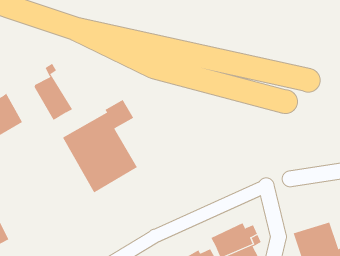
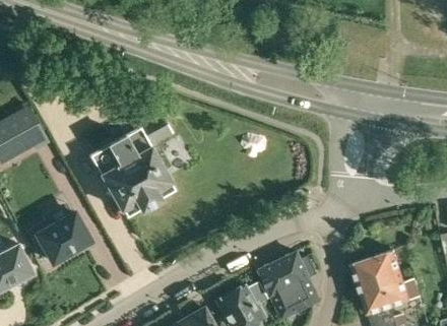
building: [34,63,73,121] -> none
building: none -> [27,212,89,262]

